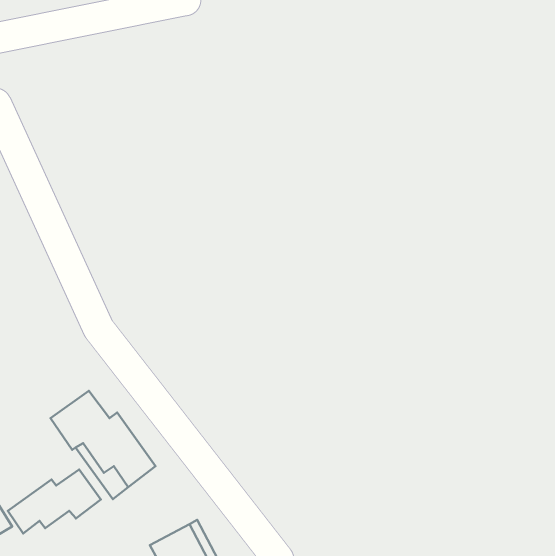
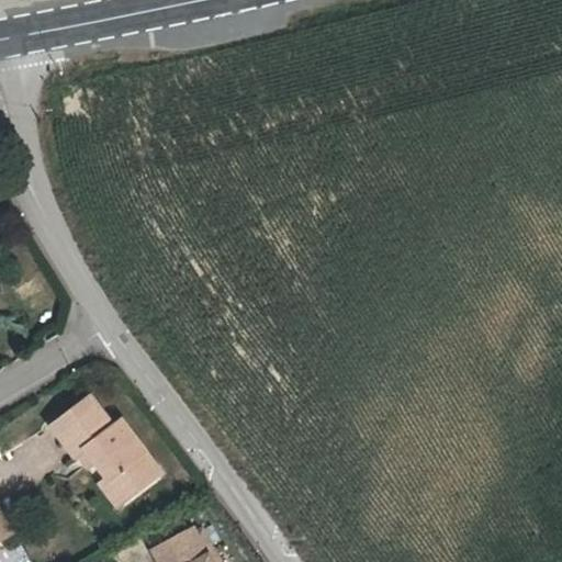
building: [8,470,101,533] -> none

